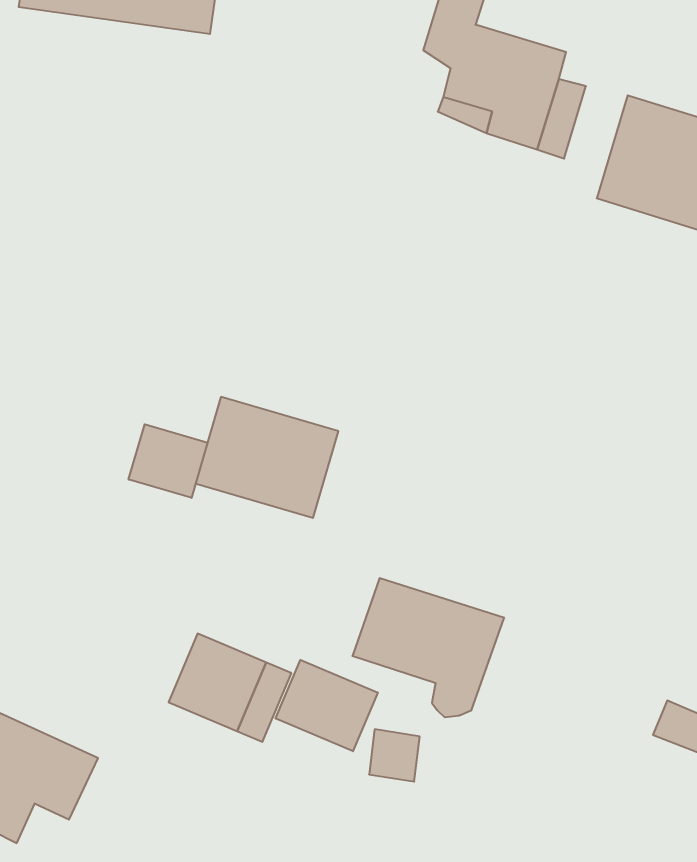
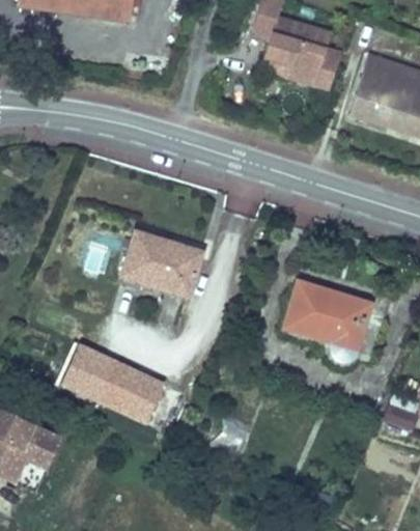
building: [129,424,208,498] -> none
building: [352,578,504,717] -> [284,278,371,358]
building: none -> [57,343,120,403]
building: [276,660,378,751] -> none

